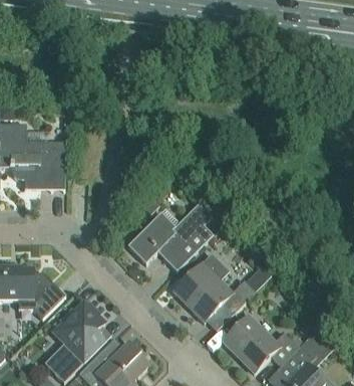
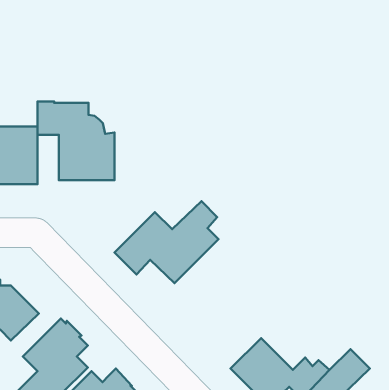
building: none -> [38,102,115,180]
building: [173,253,255,322] -> none

